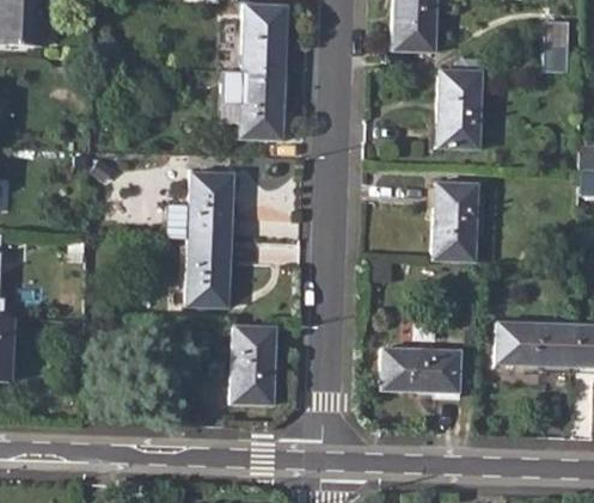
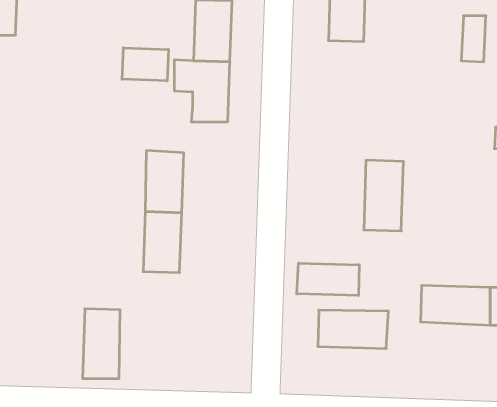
building: none -> [122,48,168,81]
building: [437,67,482,148] -> none
building: none -> [297,263,359,296]
building: [232,325,274,403] -> [83,309,120,378]

